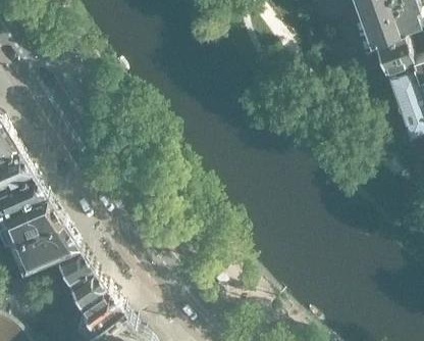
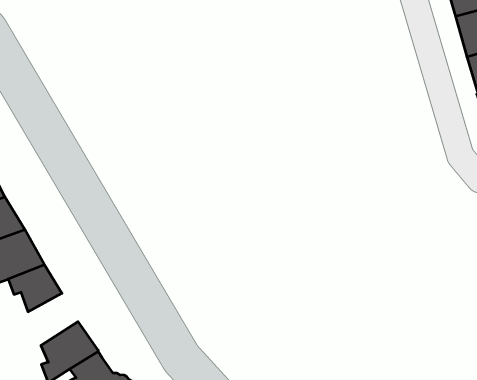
building: [72,273,110,315] -> none

